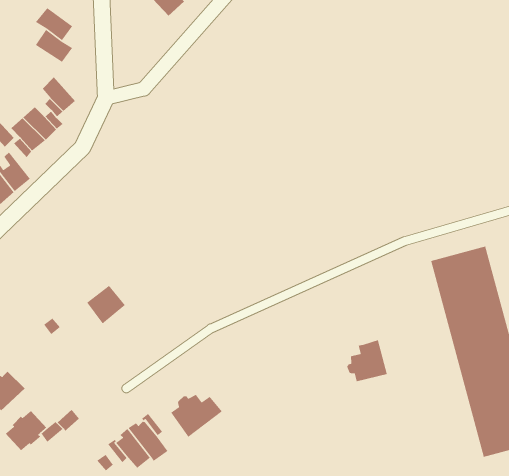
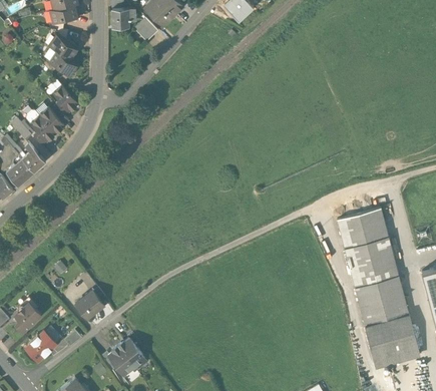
building: [86,285,126,324] -> [75,291,104,320]
building: [346,339,388,382] -> none
building: [170,394,223,438] -> none

